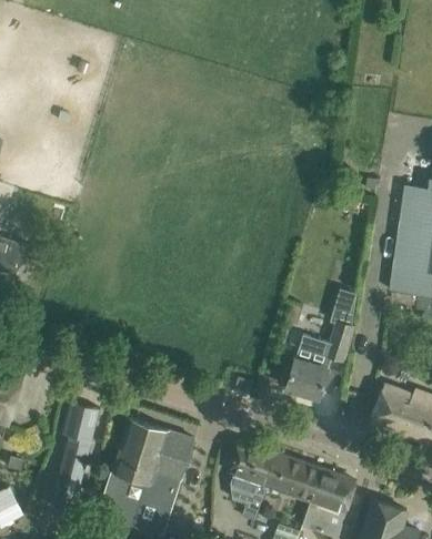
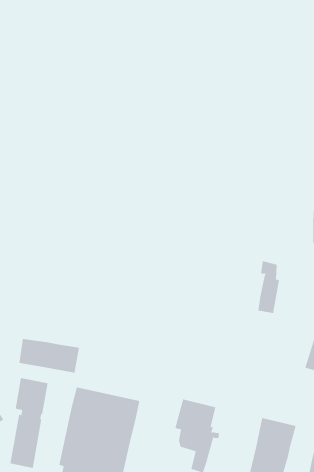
building: [287,335,331,398] -> none
building: none -> [19,338,80,374]
building: [267,454,320,500] -> none

